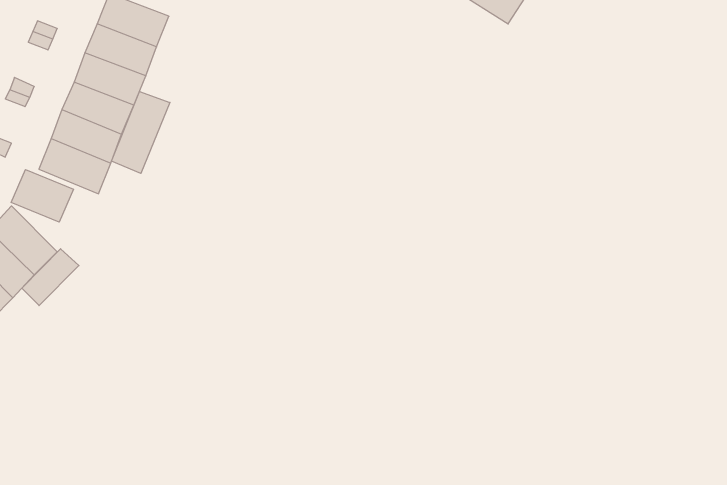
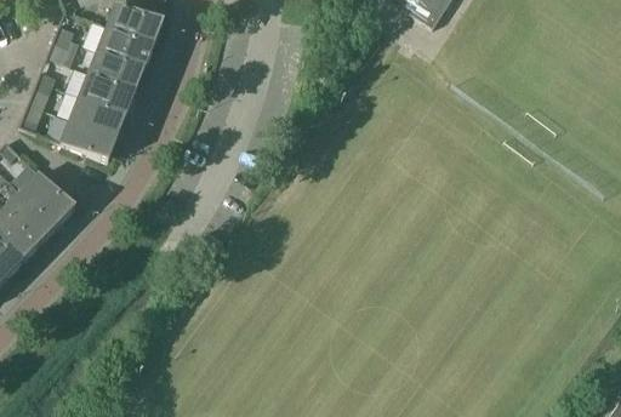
building: [112,92,170,173] -> none
building: [11,170,73,222] -> none
building: [22,249,79,306] -> none

